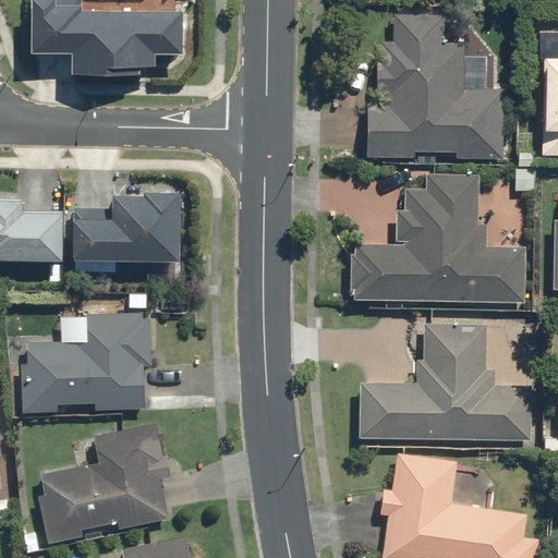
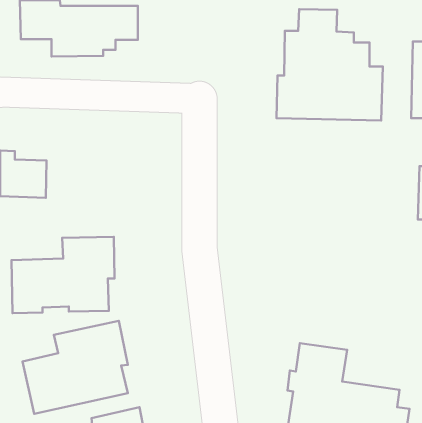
building: [349,174,527,304] -> none
building: [72,192,181,262] -> none
building: [357,324,533,442] -> none

